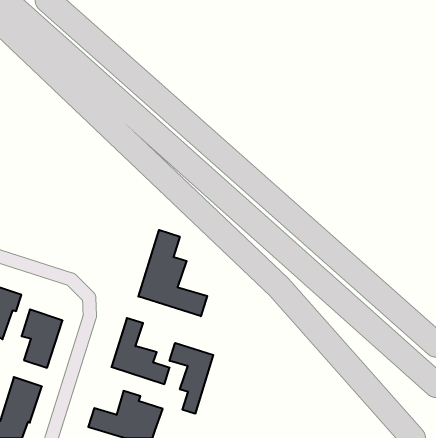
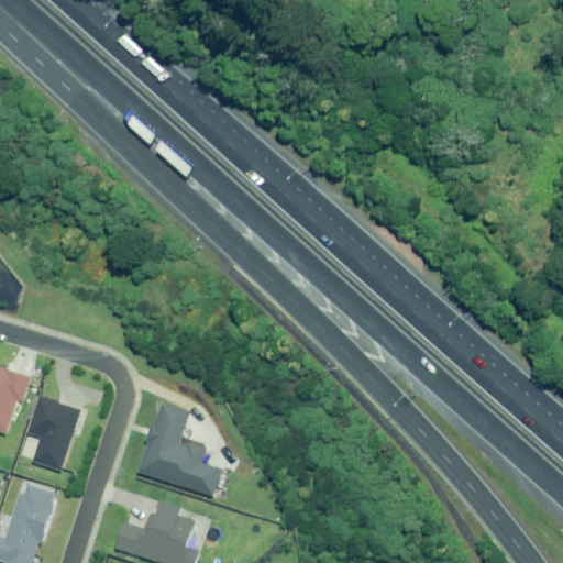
building: [138,230,207,316] -> none
building: [170,343,213,414] -> none

